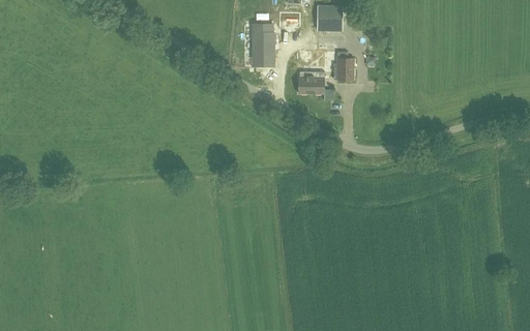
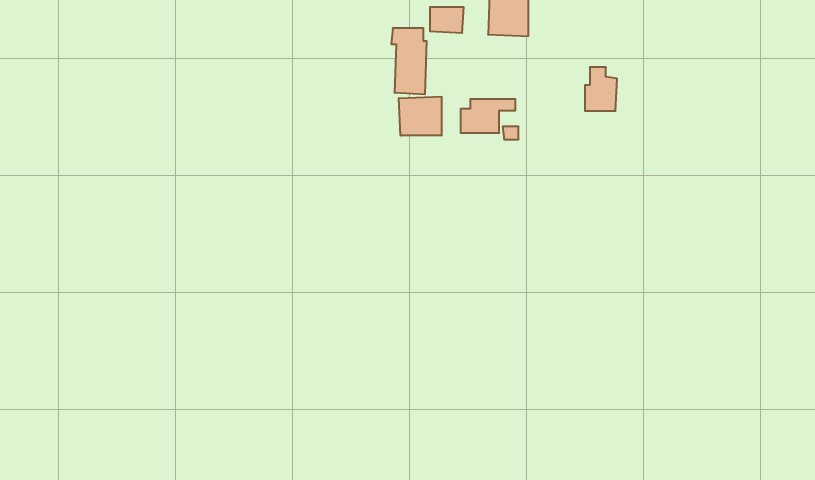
building: [332,51,353,79] -> [585,67,617,111]
building: none -> [399,97,442,136]

